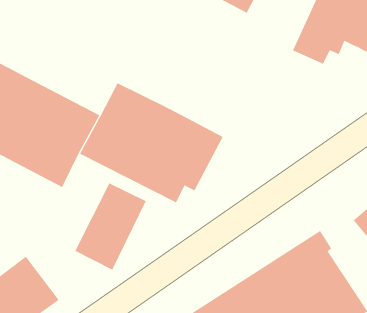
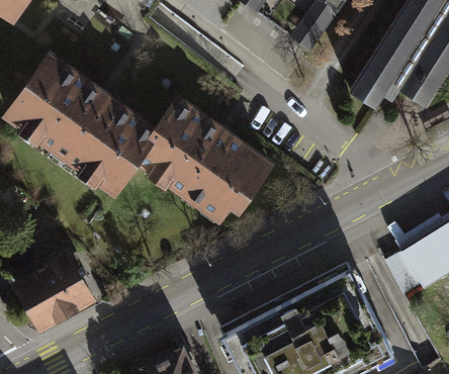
building: [74,183,146,270] -> none

